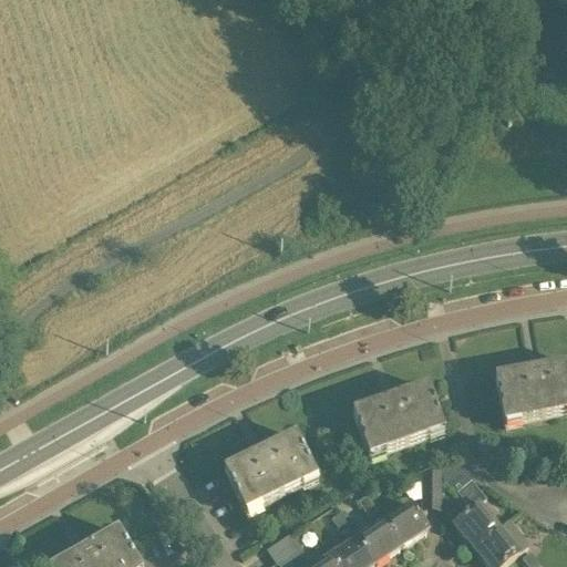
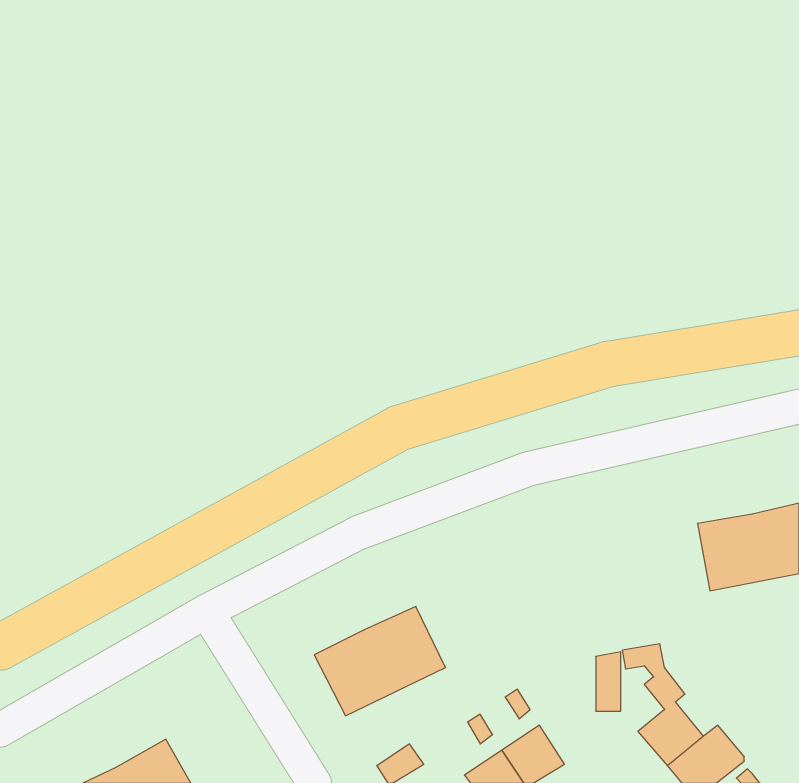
building: [352,380,443,452] -> none
building: [382,496,427,542] -> none

